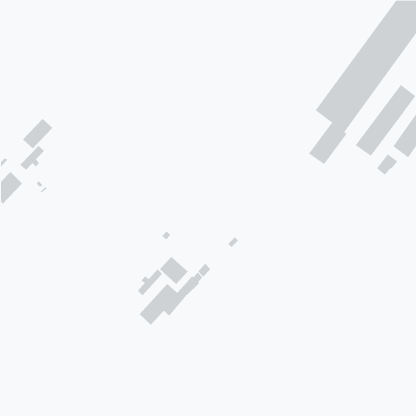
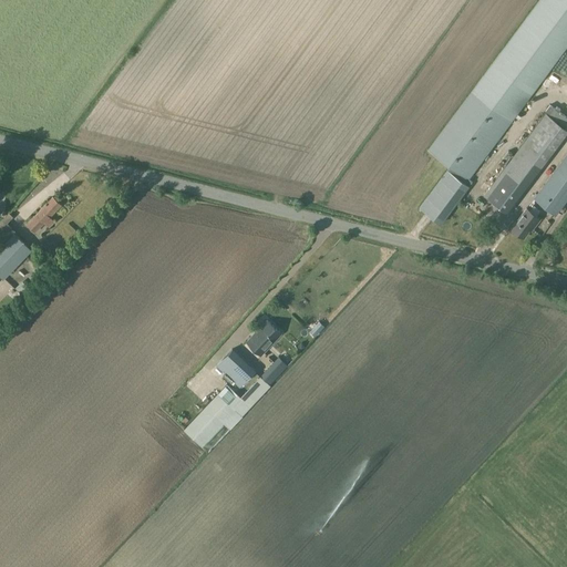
building: [22,118,53,149] -> none
building: none -> [247,320,282,357]
building: [137,268,163,296] -> none

